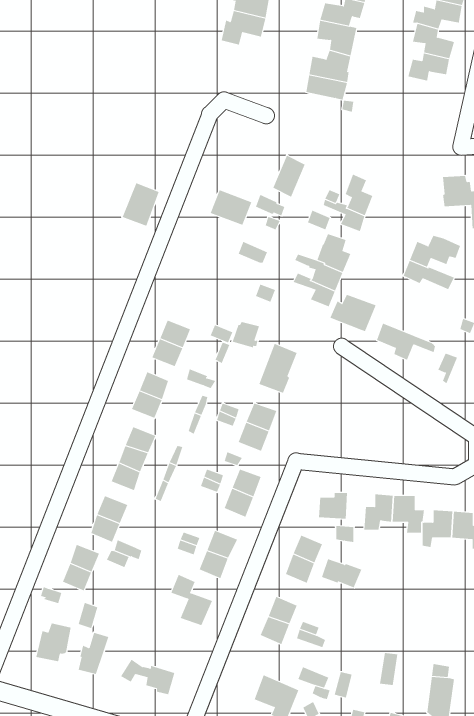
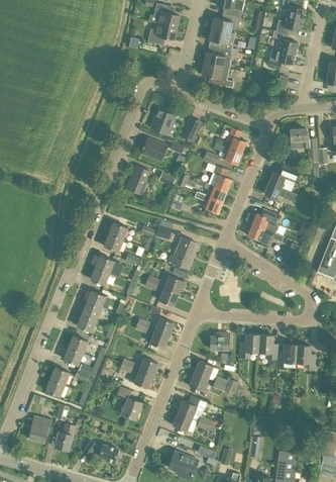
building: none -> [150,109,175,134]
building: [122,183,159,226] -> [126,166,150,194]
building: [329,294,376,332] -> [251,208,282,232]

